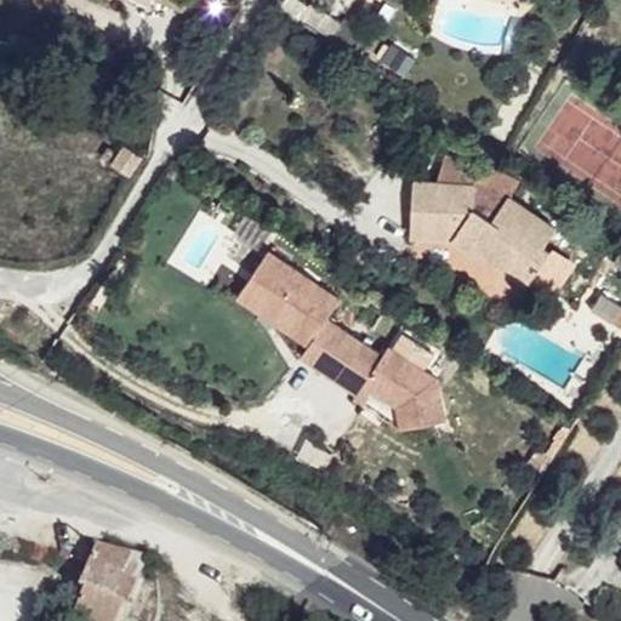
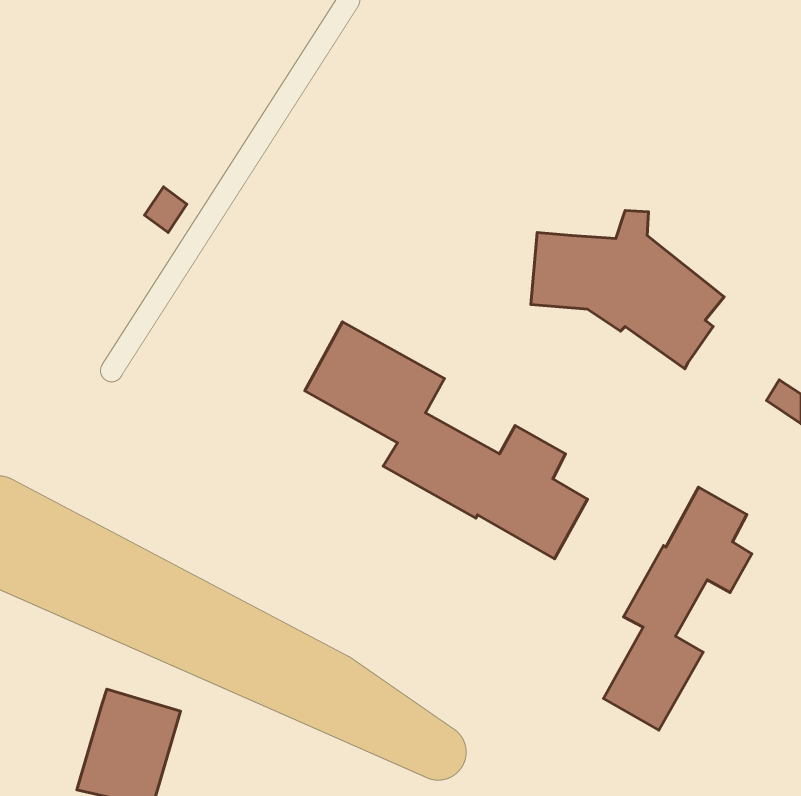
building: none -> [603,487,752,730]

